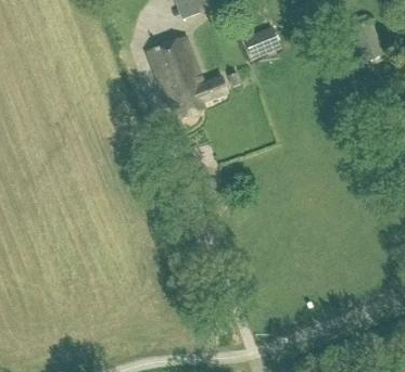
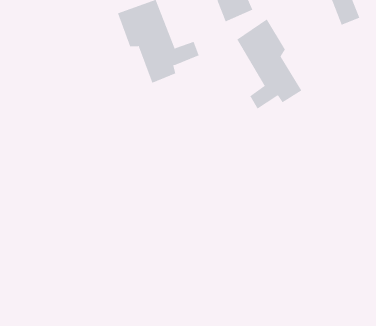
building: none -> [237,18,302,110]

